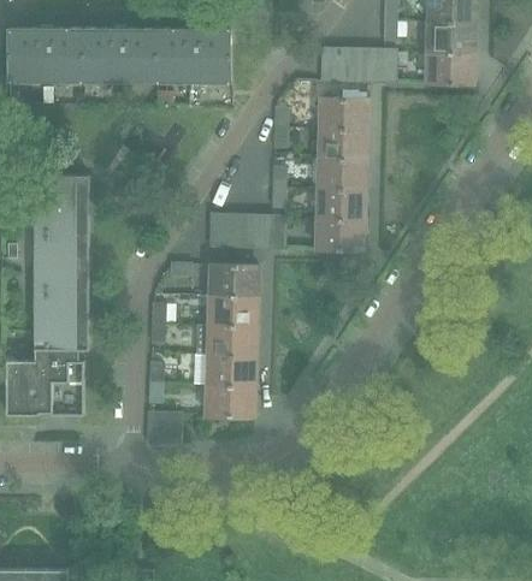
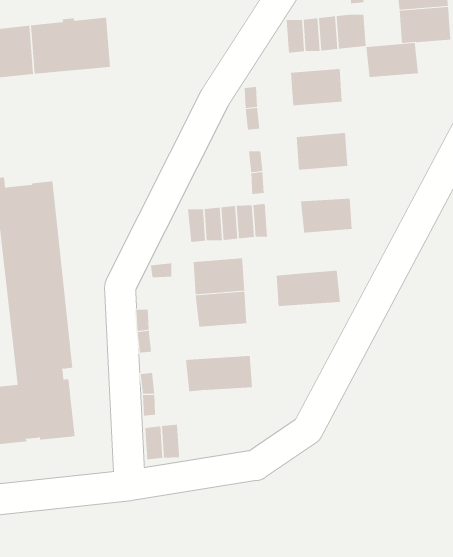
building: [154,28,231,83] -> none
building: [319,131,366,161] -> [365,43,419,77]
building: [317,191,365,223] -> none
building: [196,327,255,358] -> [276,270,341,306]
building: [206,386,254,419] -> none

